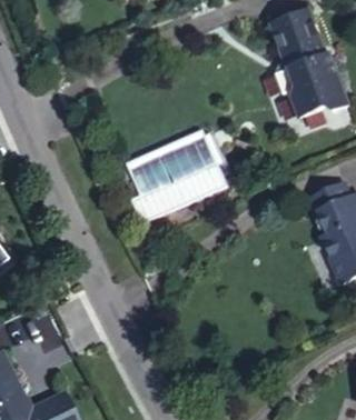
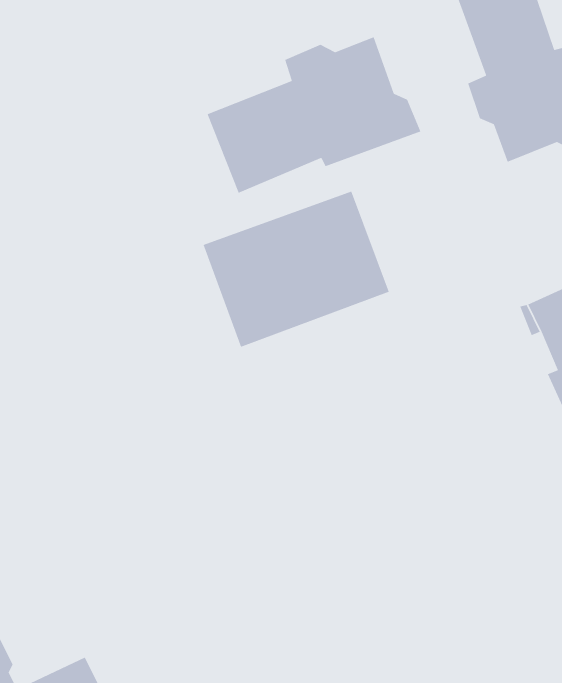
building: none -> [207,36,421,194]

